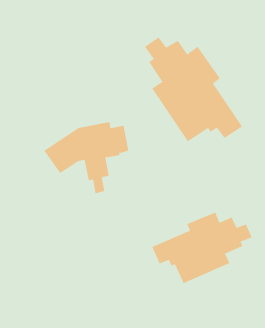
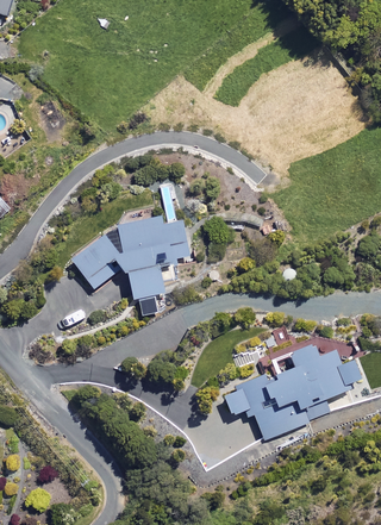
building: [144,37,243,142] -> none

